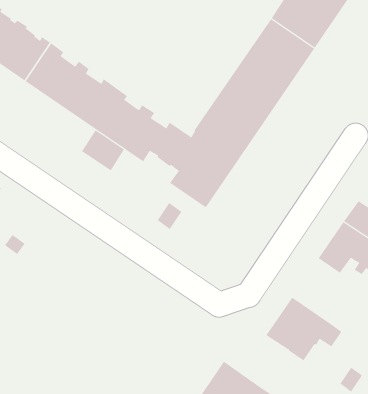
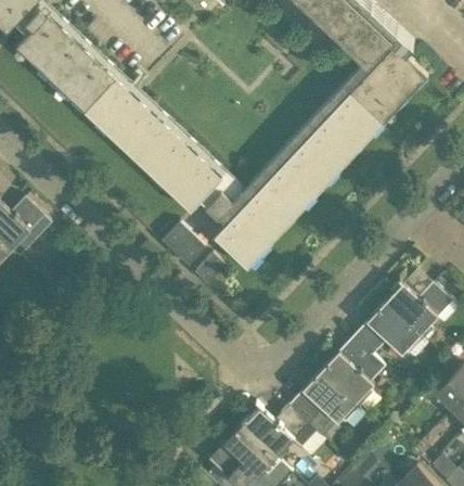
building: [81,130,125,171] -> [162,222,206,267]
building: none -> [320,337,385,406]
building: none -> [241,407,308,460]

